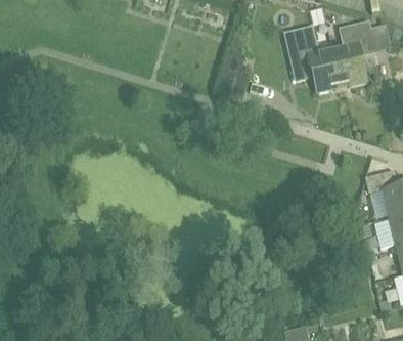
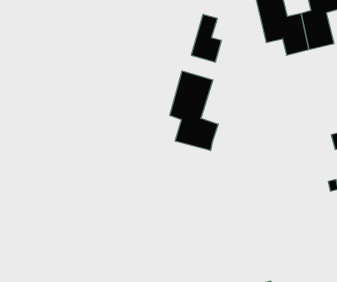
building: none -> [170,71,218,151]

